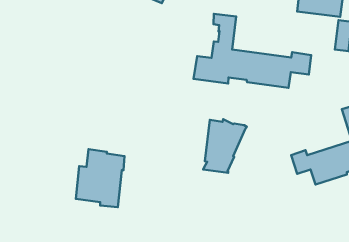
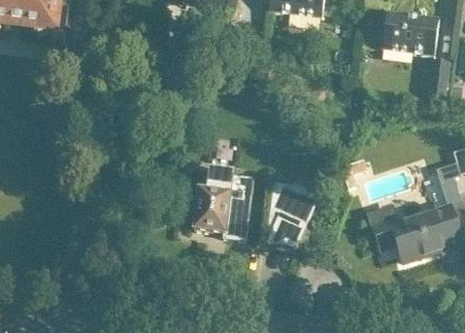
building: [193,14,311,88] -> none
building: [76,149,124,207] -> [194,167,254,238]

